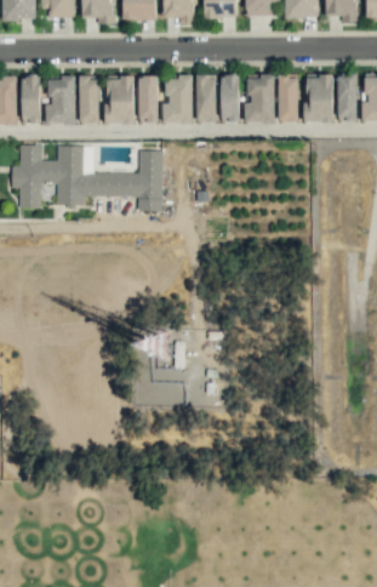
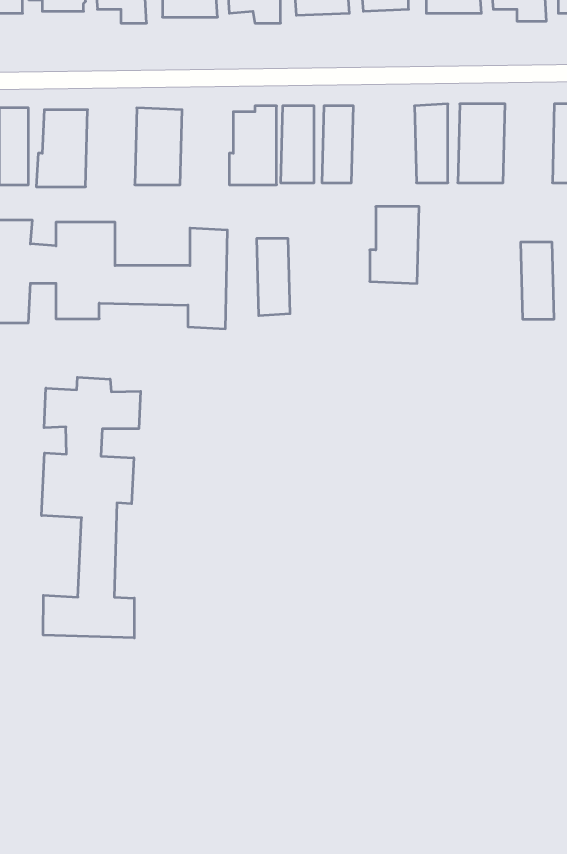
building: [337,73,358,120] -> [521,242,554,319]
building: [138,75,159,122] -> [257,239,290,316]
building: [245,75,275,122] -> [370,207,419,283]
building: [79,76,99,122] -> none
building: none -> [42,377,141,638]

